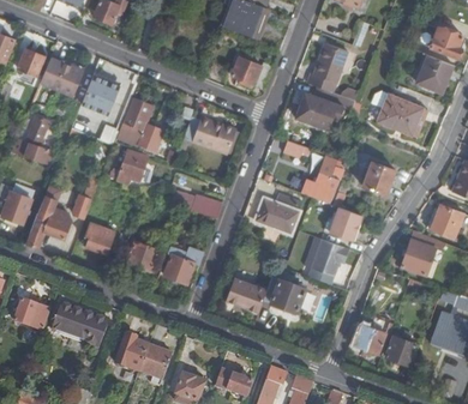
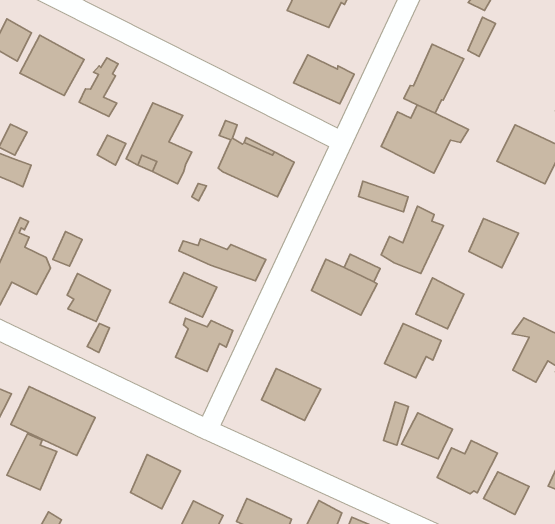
building: [108,150,145,183] -> none
building: [125,240,157,270] -> [169,273,217,317]
building: [270,279,305,310] -> [402,413,452,459]
building: [115,333,149,372] -> [7,434,57,490]

